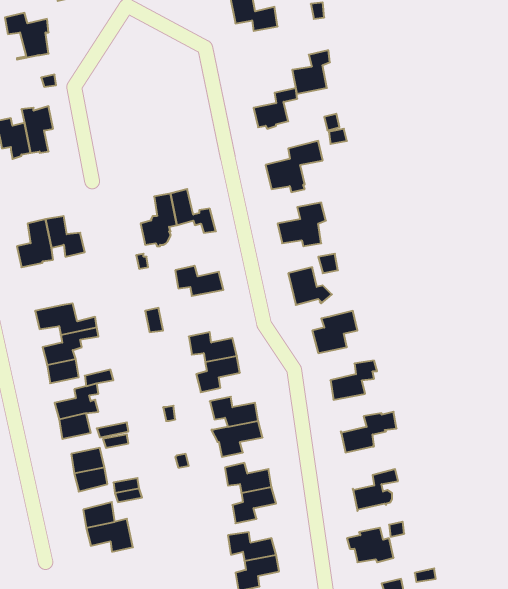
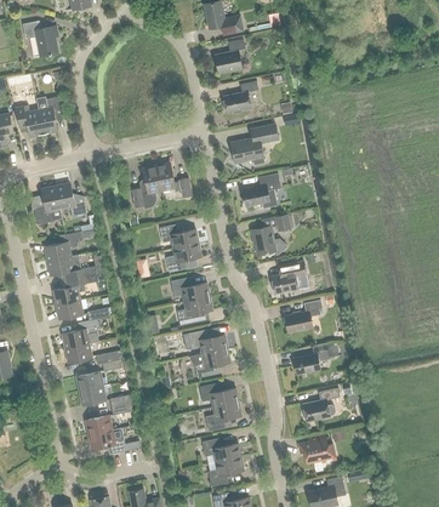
building: [292,50,330,94] -> [213,38,244,73]
building: none -> [44,230,81,260]
building: none -> [165,243,200,272]

